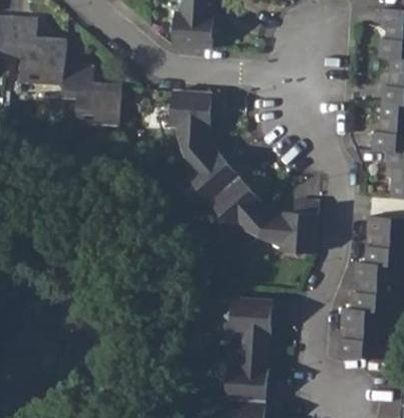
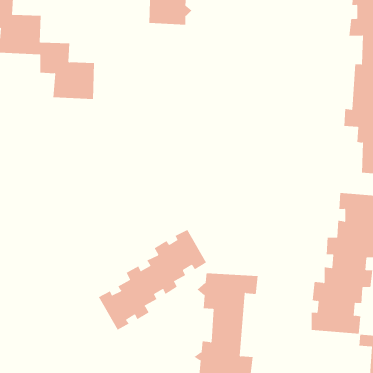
building: [162,91,314,258] -> none
building: none -> [98,229,207,330]

